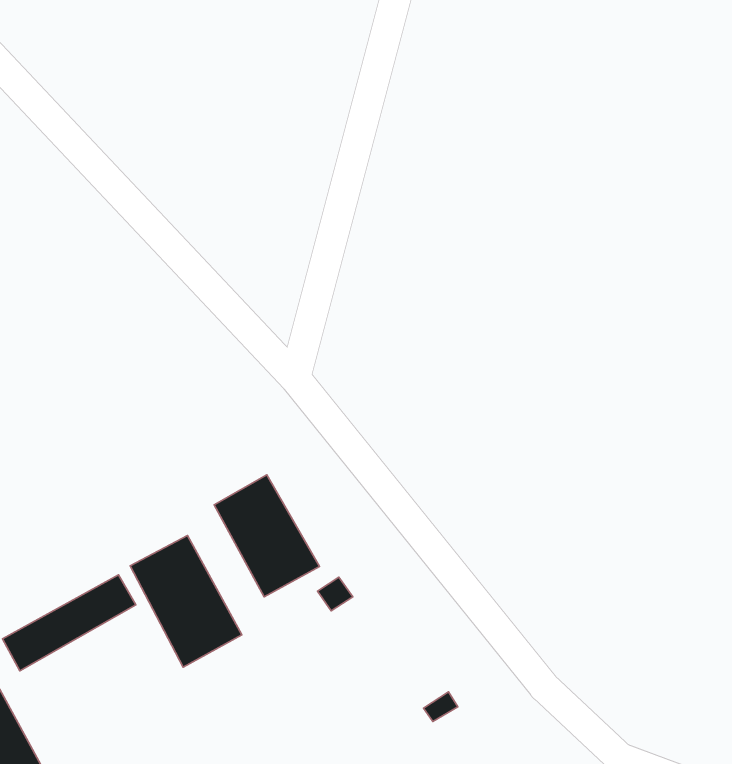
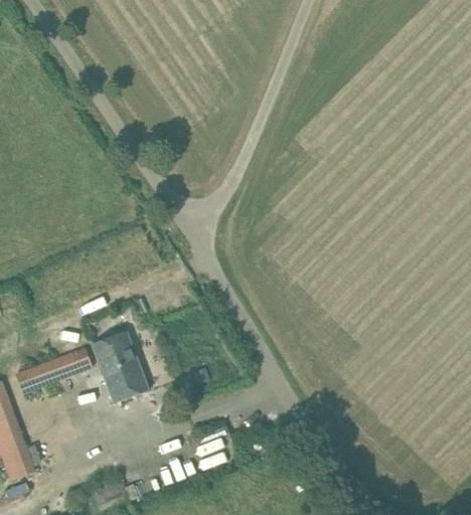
building: [214,475,319,597] -> none

